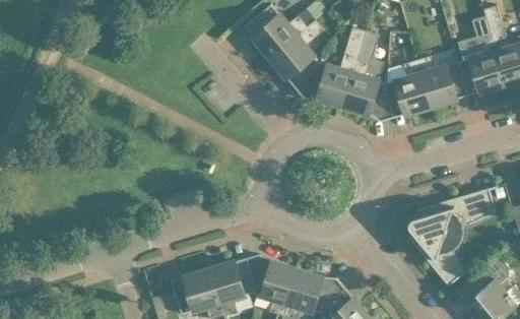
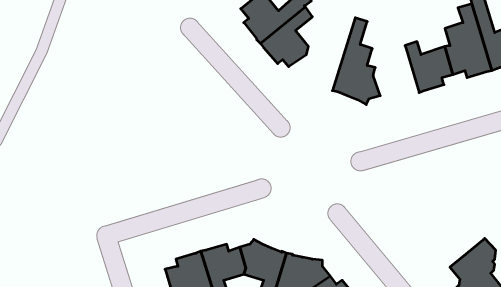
building: [299,27,367,106] -> none
building: [385,60,432,115] -> none
building: [409,187,498,286] -> none

